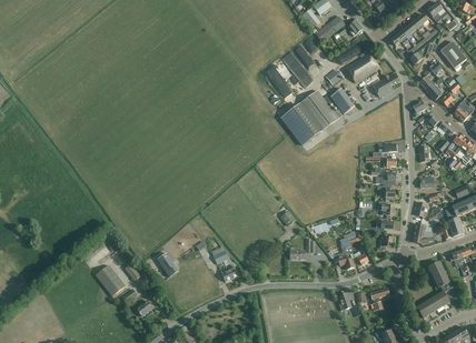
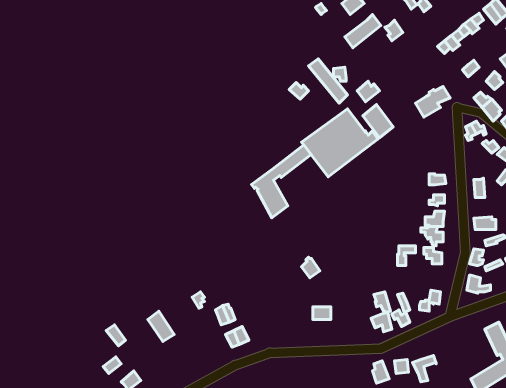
building: [345,52,378,82] -> none
building: none -> [252,145,311,218]
building: [95,264,125,295] -> none

